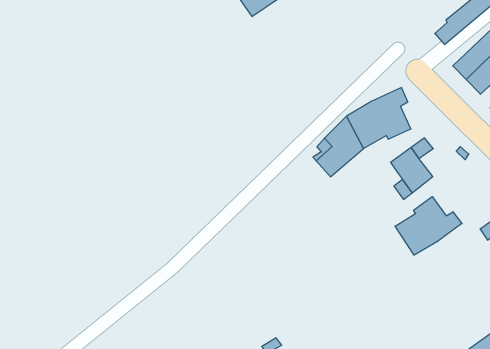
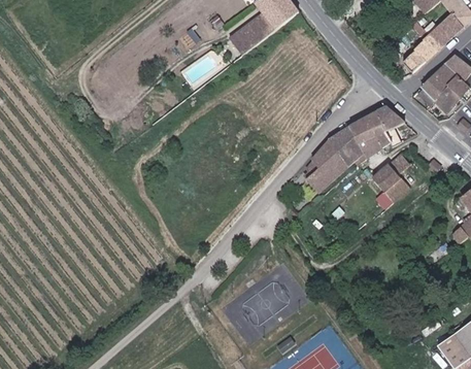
building: none -> [377,107,402,146]
building: [395,197,462,255] -> none

